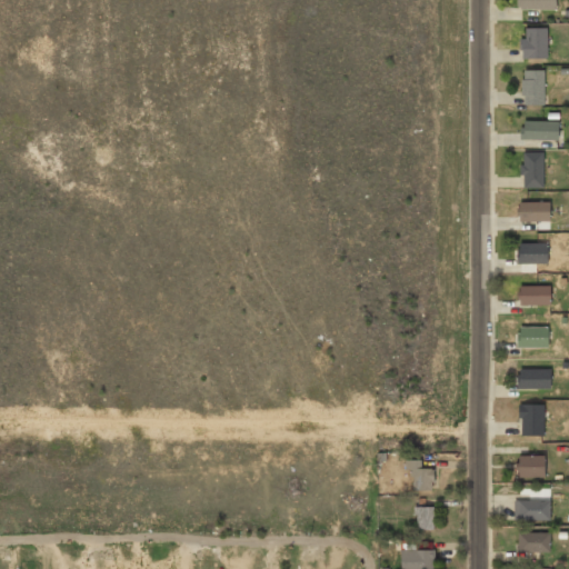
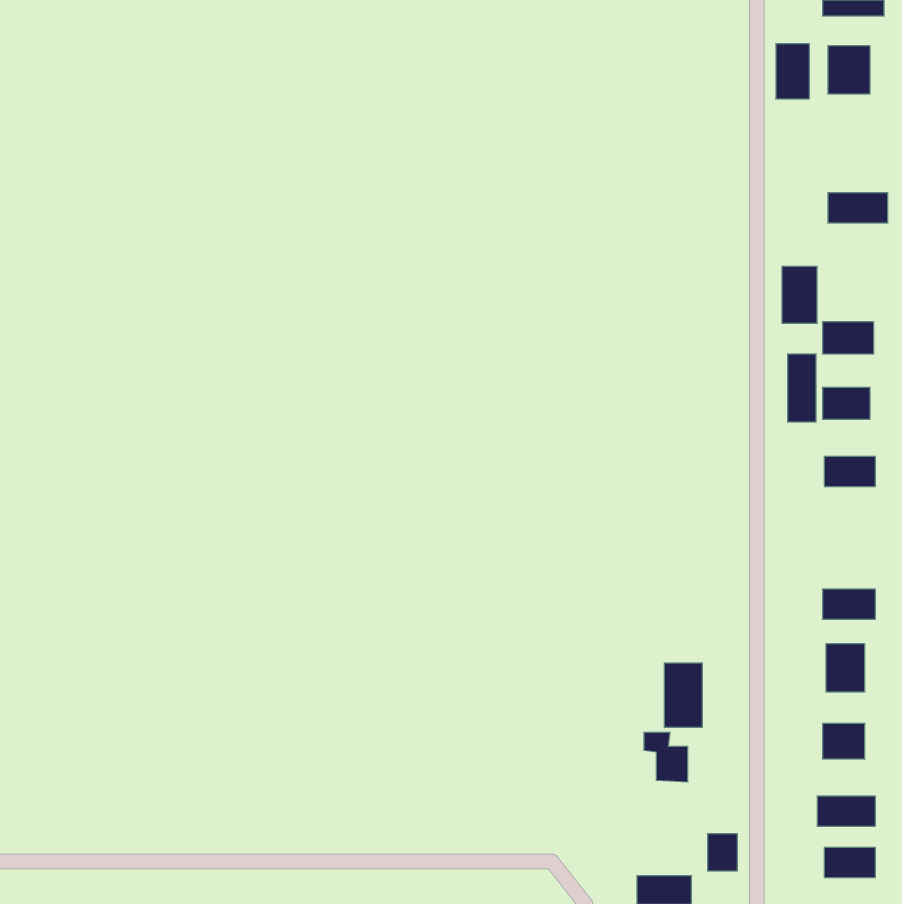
building: [523,70,545,104] -> [776,44,809,99]
building: [522,152,545,188] -> [782,267,817,323]
building: none -> [788,354,816,422]
building: [518,328,549,348] -> none
building: none -> [665,663,702,728]
building: [417,507,436,530] -> [707,834,737,871]

